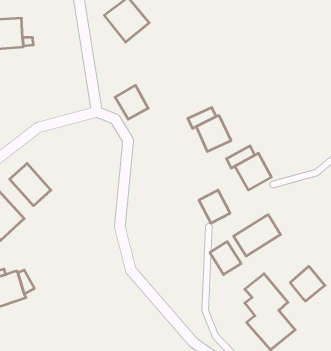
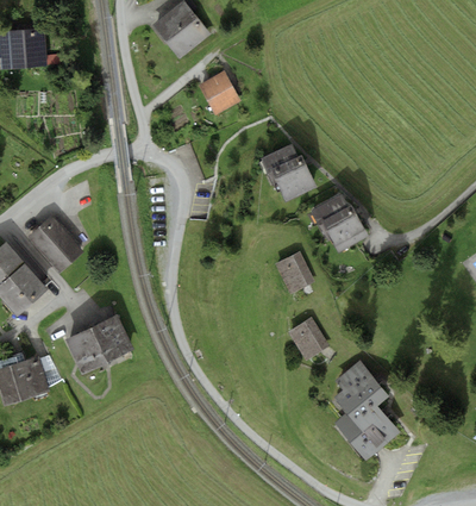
building: [115,85,148,119] -> [199,70,242,114]
building: [234,215,281,256] -> none
building: none -> [64,314,133,374]
building: [290,266,325,301] -> none

